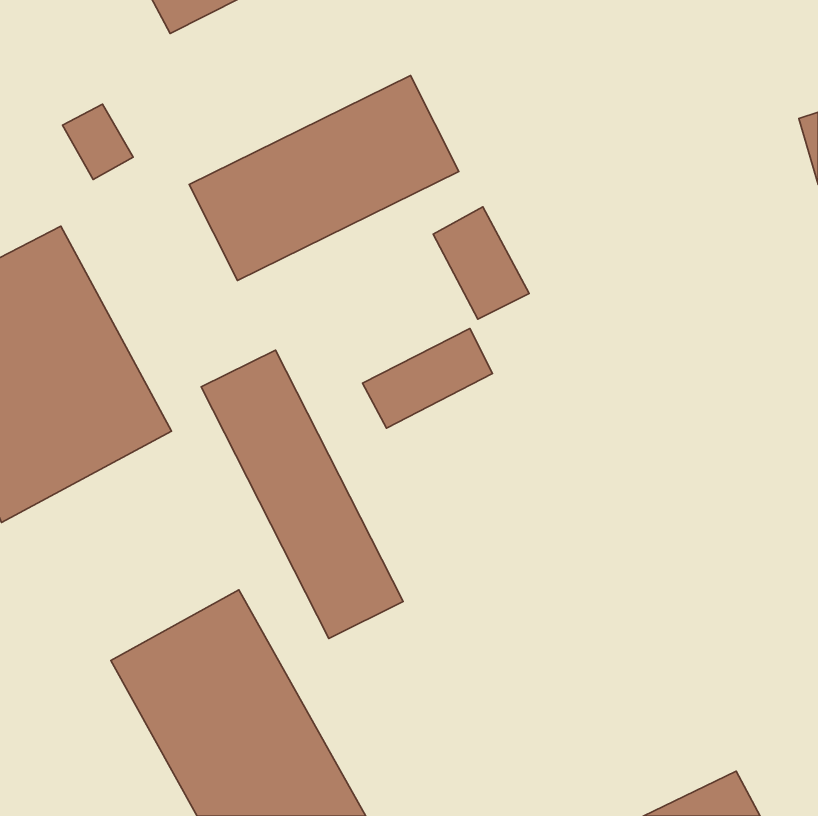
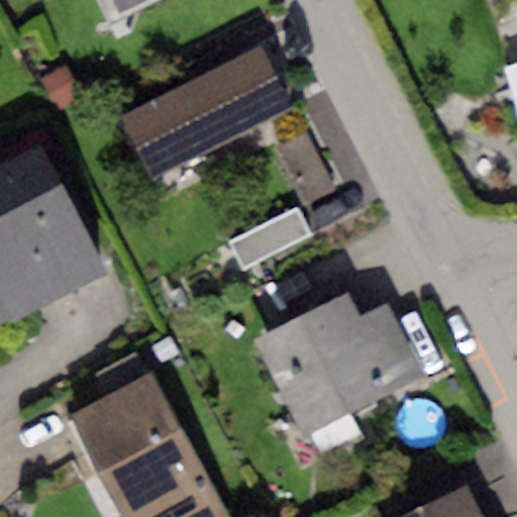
building: [201,350,403,639] -> none
building: none -> [252,293,424,438]

